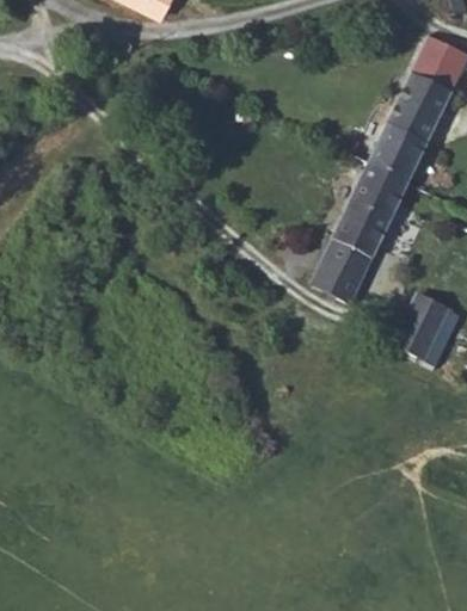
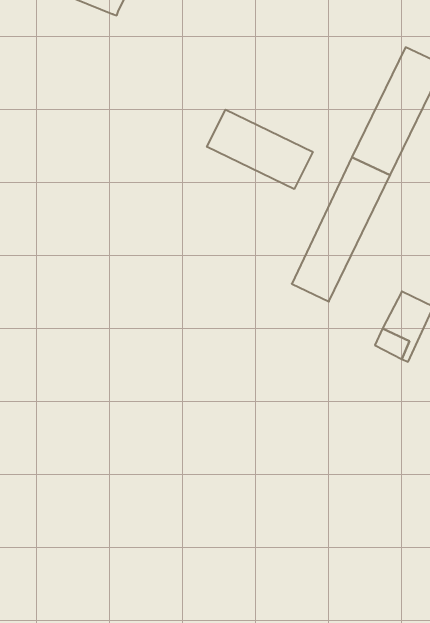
building: none -> [207,110,313,189]

